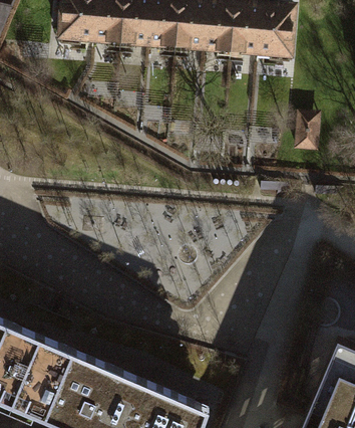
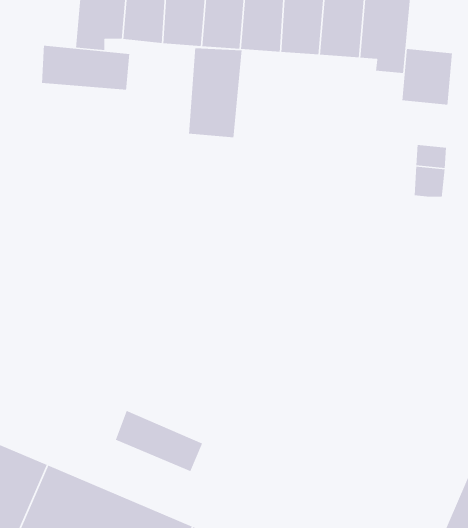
building: none -> [41,45,130,90]
building: none -> [188,47,242,138]
building: none -> [401,48,453,105]
building: none -> [115,410,203,472]

